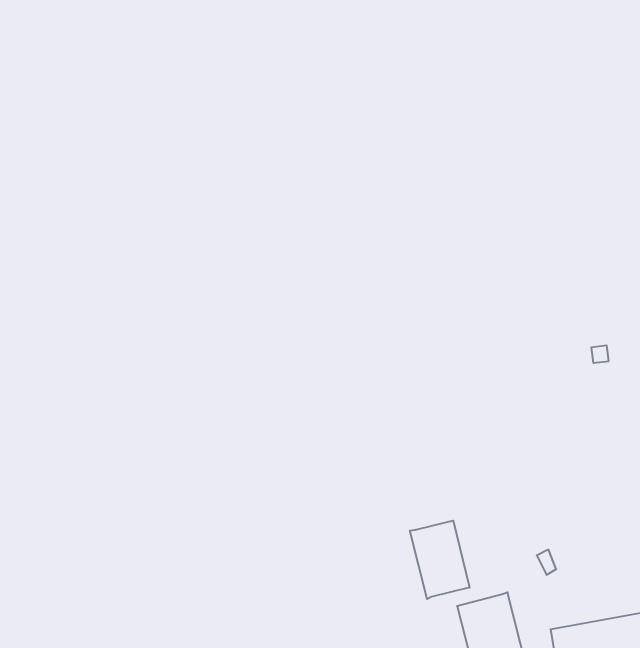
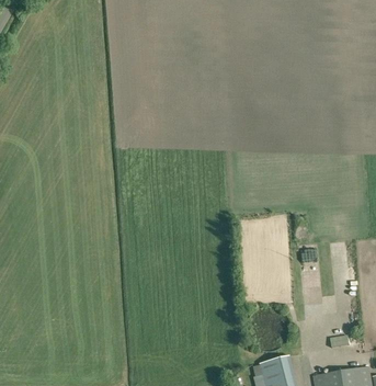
building: [410,521,470,599] -> none

